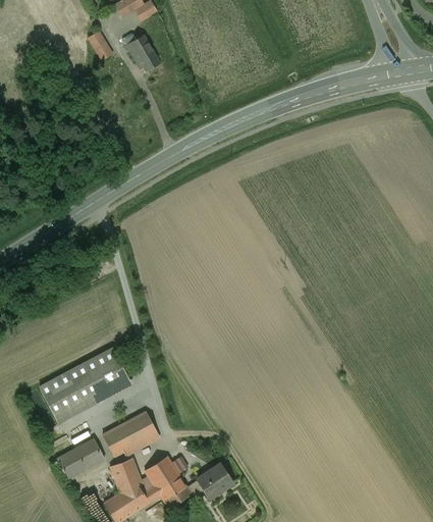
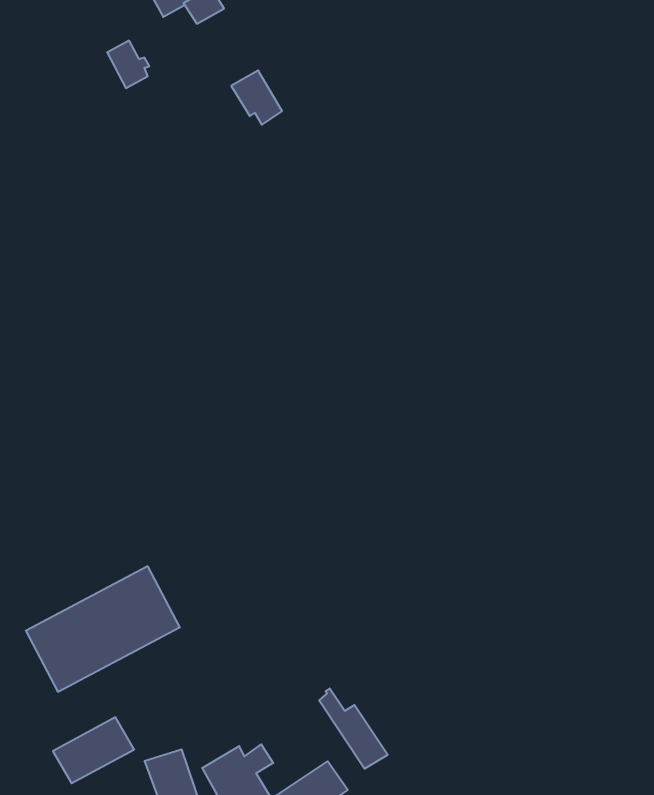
building: [125,36,156,68] -> [231,70,282,125]
building: [102,412,159,456] -> none
building: none -> [319,688,388,769]

